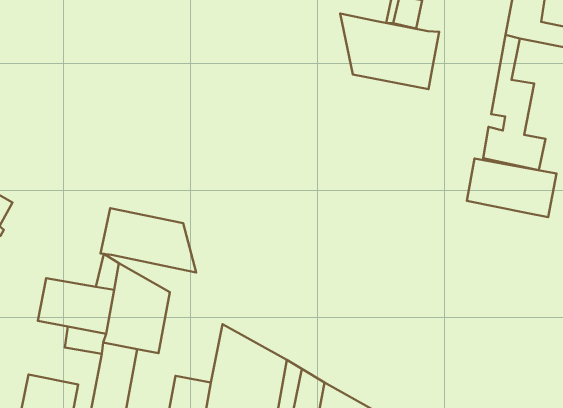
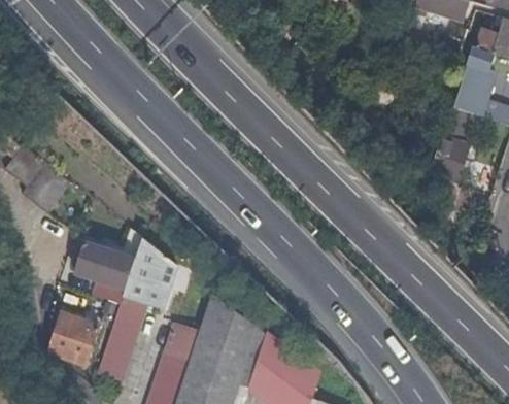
building: [340,14,439,89] -> none
building: [467,158,557,217] -> none
building: [101,208,196,273] -> none

